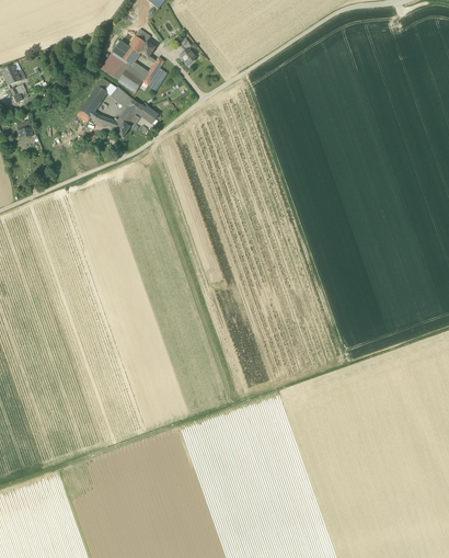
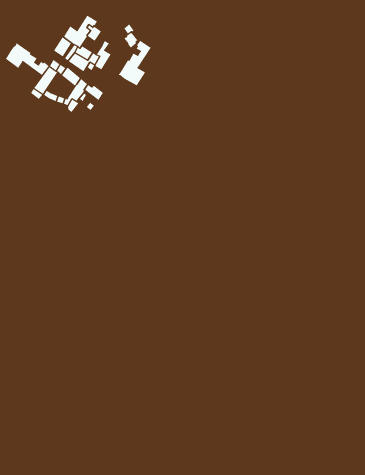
building: none -> [118,40,151,86]
building: none -> [5,42,49,76]

